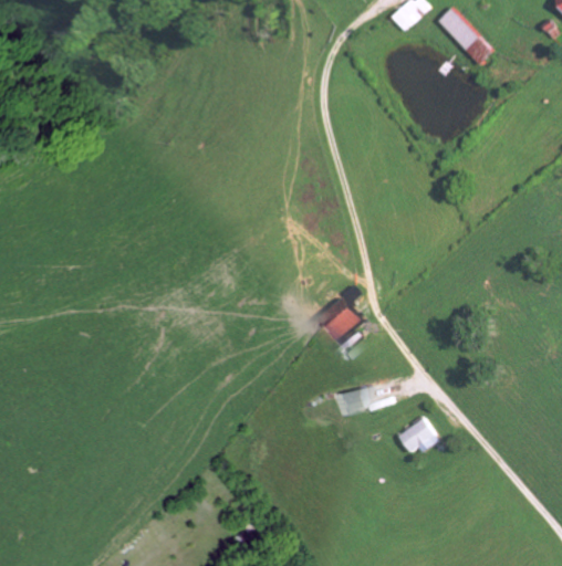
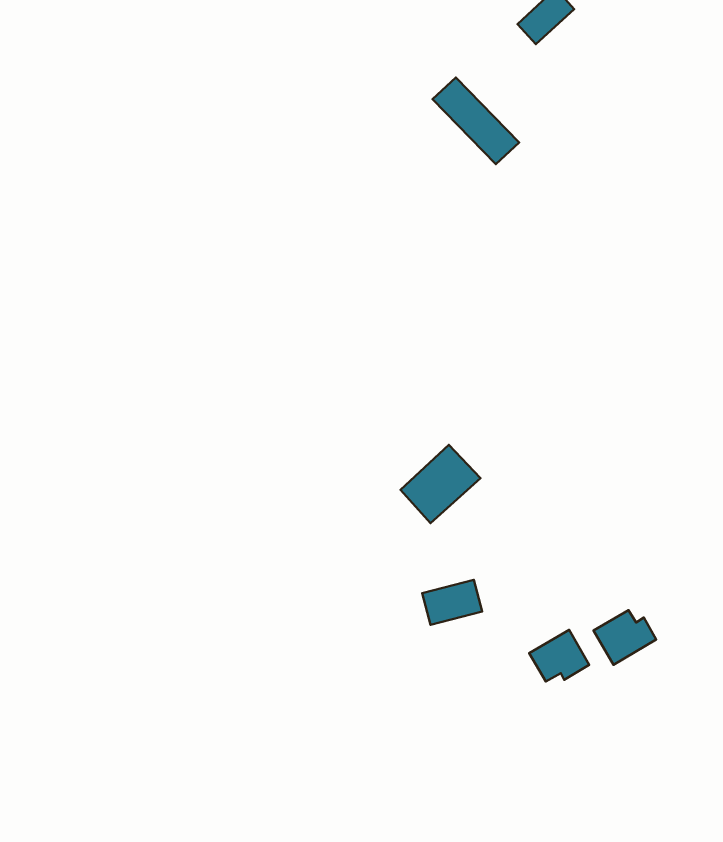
building: [437,6,495,63] -> [432,78,519,164]
building: none -> [593,610,656,665]

